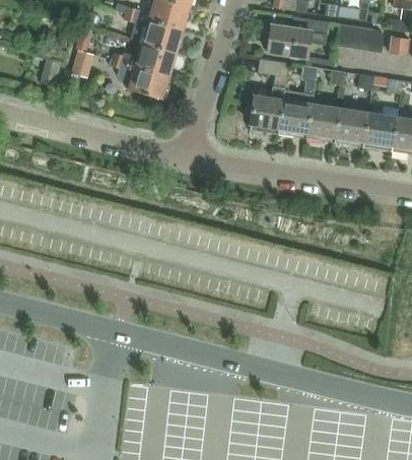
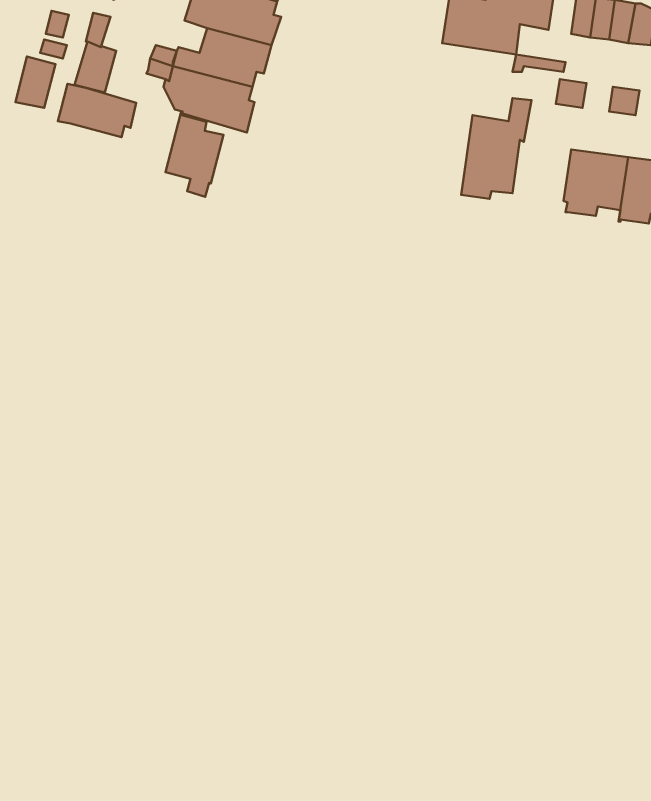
building: [249,58,288,133] -> none
building: none -> [58,84,136,137]
building: none -> [166,113,223,197]
building: [305,103,337,139] -> none

